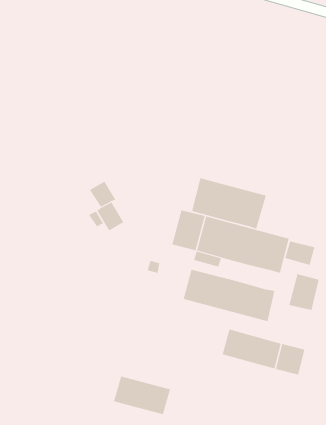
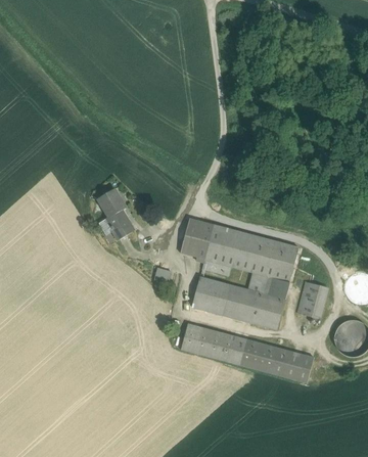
building: [191,177,266,230] -> none
building: [284,241,315,266] -> [248,272,279,296]
building: [113,376,171,415] -> [181,323,238,362]

